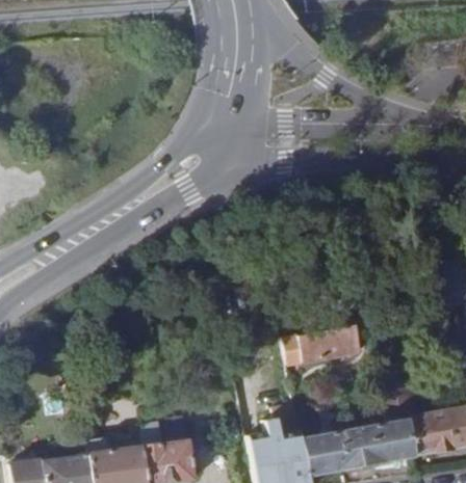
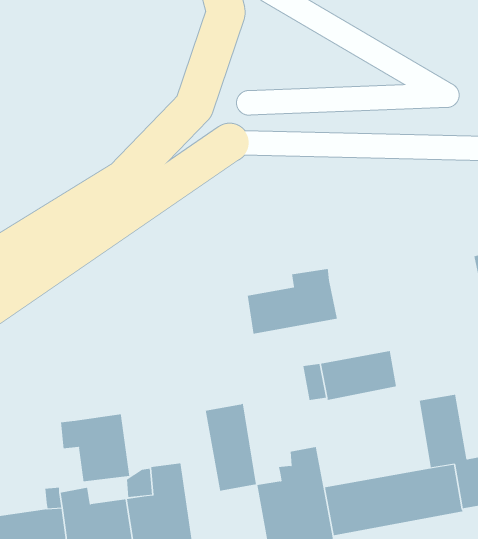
building: none -> [247,268,337,335]
building: none -> [205,403,256,491]
building: none -> [60,413,130,482]

